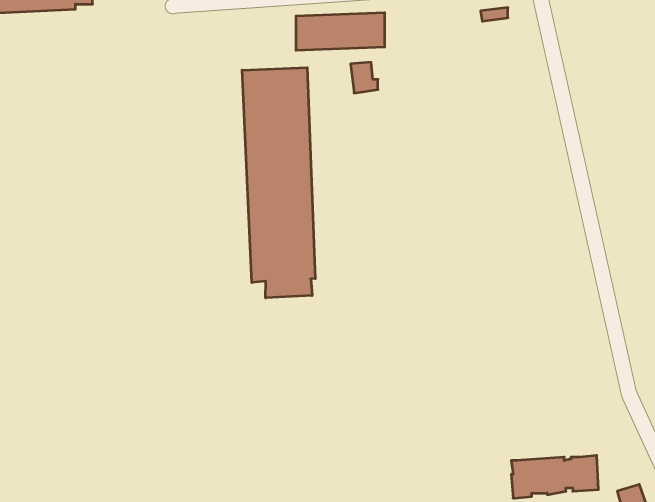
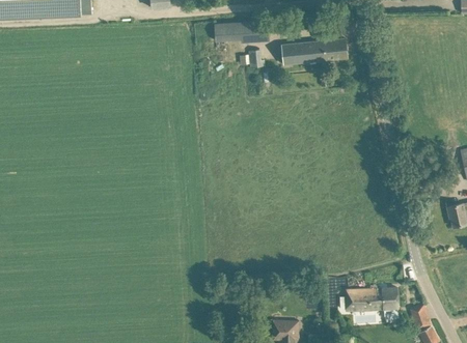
building: none -> [280,37,348,85]
building: [242,68,315,298] -> none

